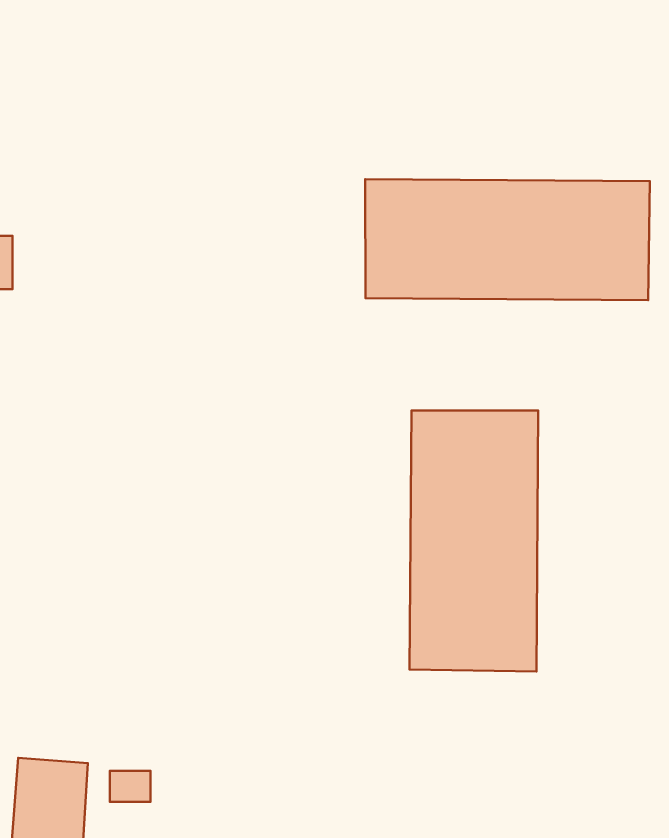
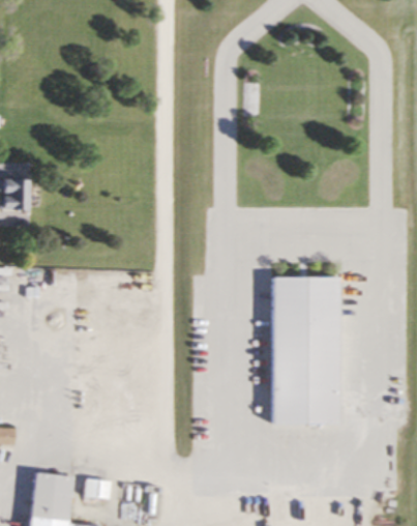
building: [365,179,650,300] -> none

